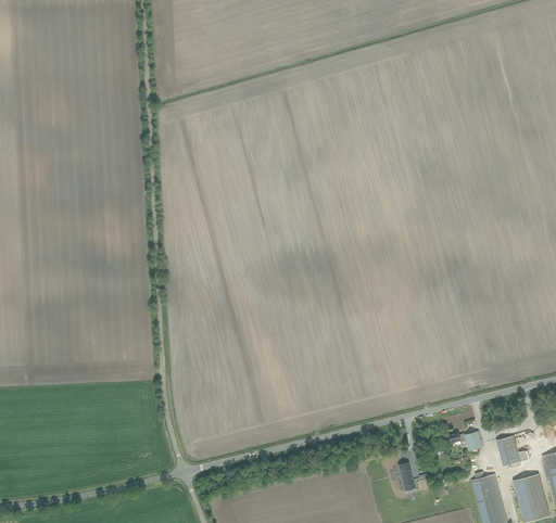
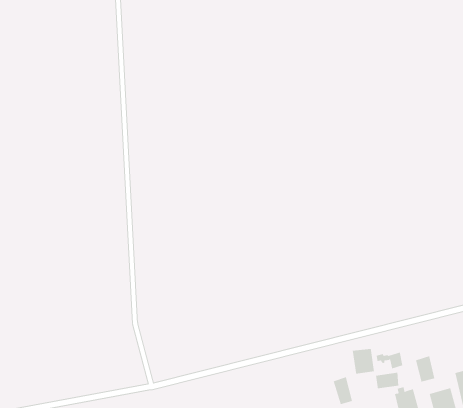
building: none -> [352,348,375,374]
building: none -> [376,372,399,389]

